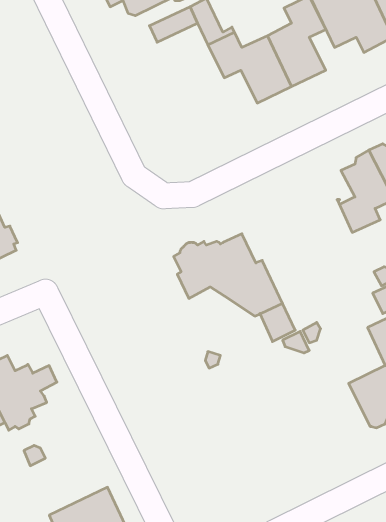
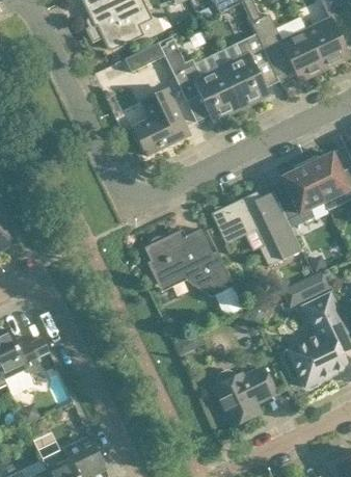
building: none -> [133,87,189,154]
building: none -> [211,190,302,265]
building: none -> [213,365,275,425]

